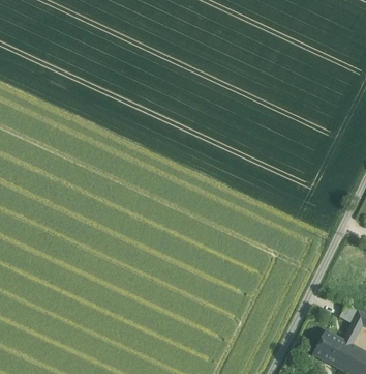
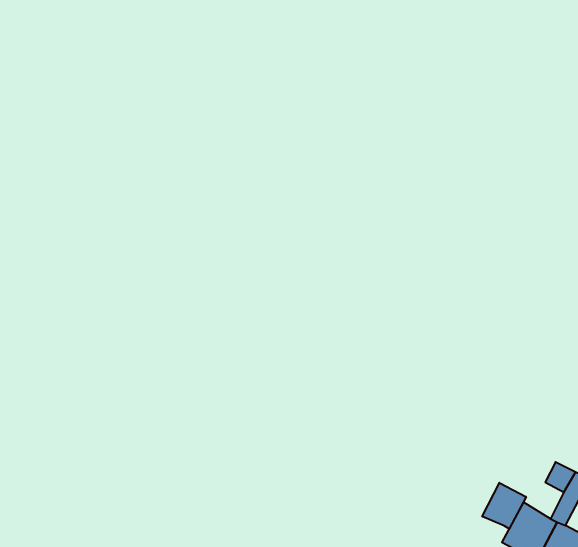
building: none -> [482,483,526,529]

